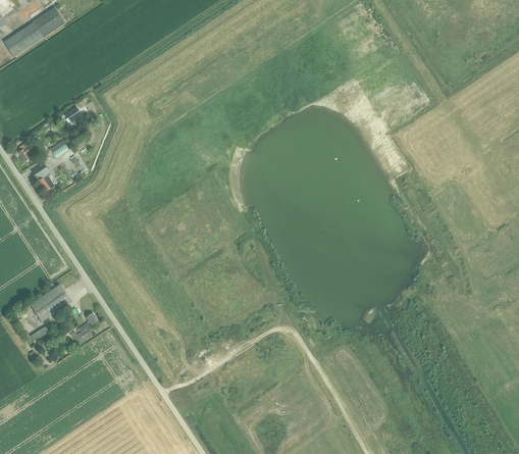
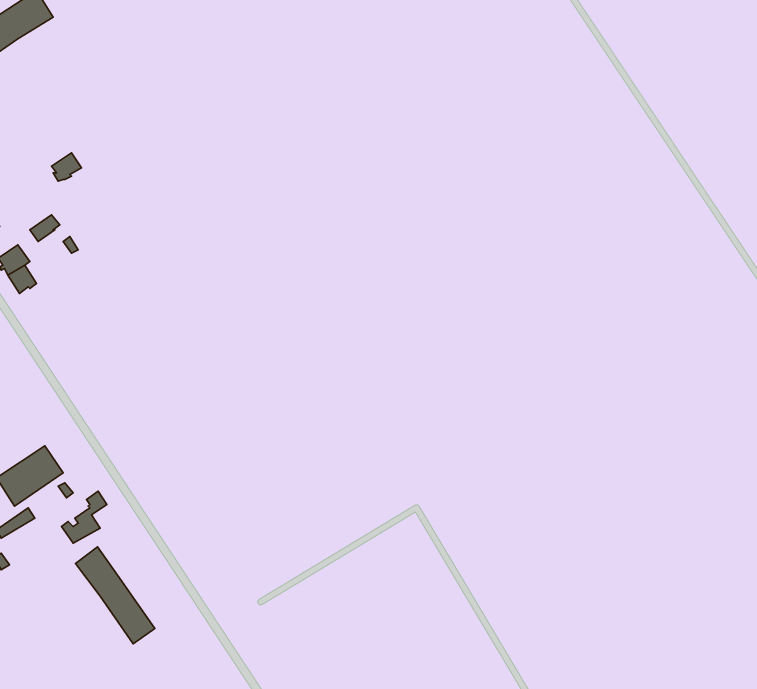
building: none -> [75,547,155,644]

